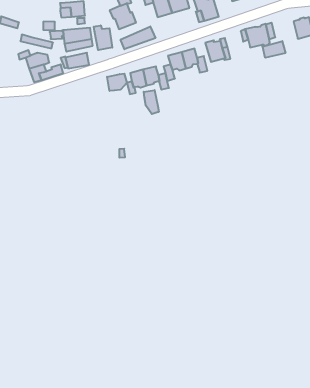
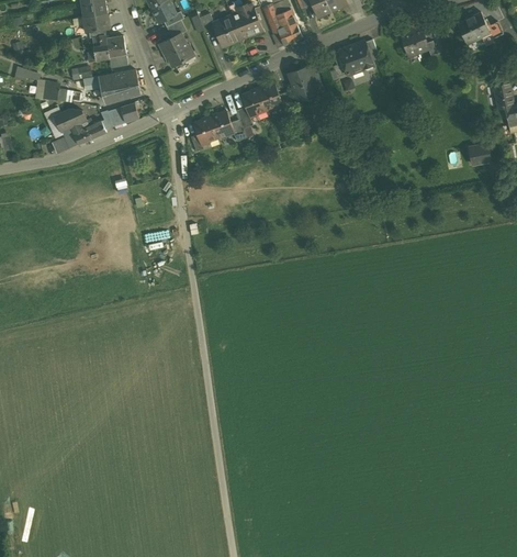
building: [94,25,112,50] -> none
building: [121,26,155,49] -> none
building: [262,41,285,58] -> none
building: [107,74,127,91] -> none
building: [144,90,159,114] -> none

